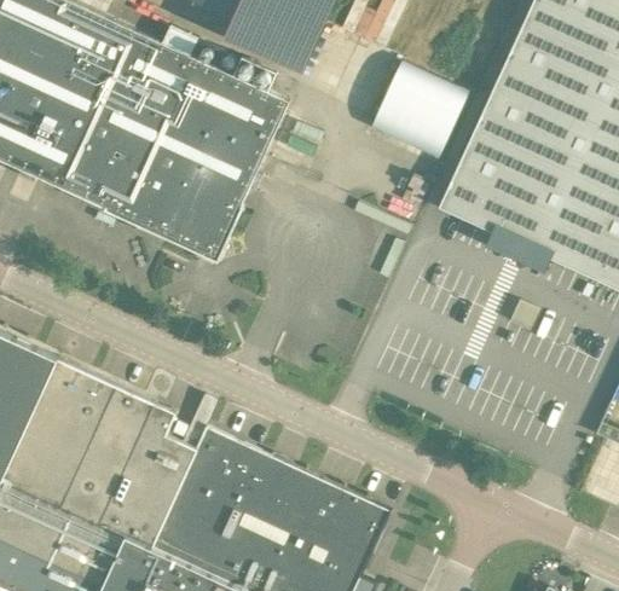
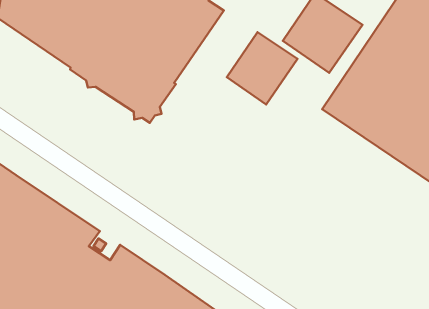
building: none -> [227,32,297,105]

